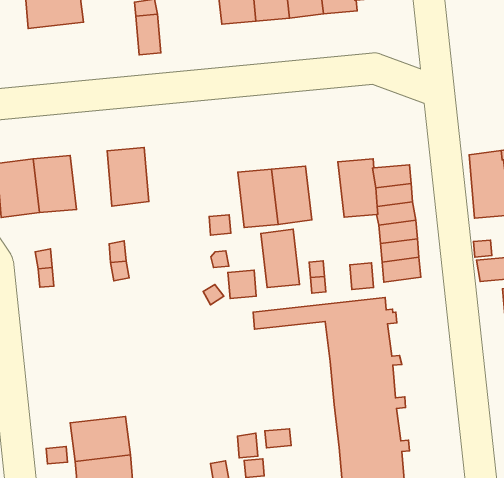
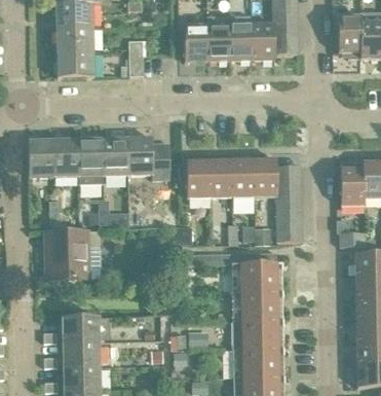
building: none -> [56,51,93,78]
building: none -> [126,138,169,179]
building: none -> [77,138,102,183]
building: [261,229,299,287] -> [232,158,255,195]
building: none -> [45,229,101,278]

